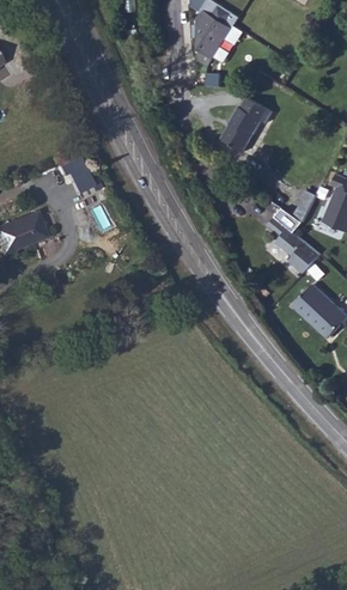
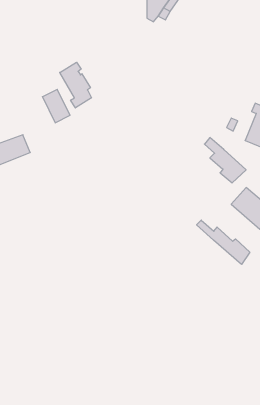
building: [225,98,273,154] -> none
building: none -> [60,62,91,108]
building: none -> [197,220,250,264]

